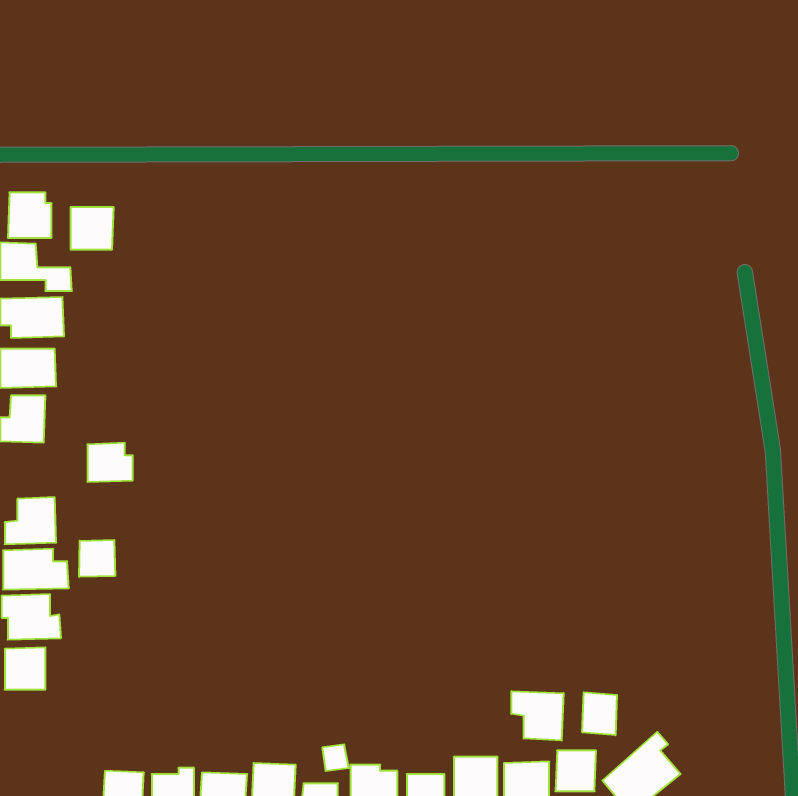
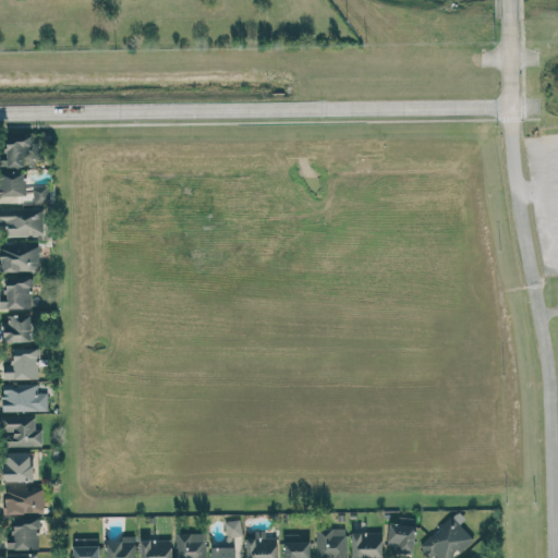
building: [71,207,114,250] -> none
building: [87,443,133,482] -> [5,316,37,343]
building: [79,540,115,577] -> none
building: [511,691,564,741] -> none
building: [582,692,617,735] -> none
building: none -> [5,489,45,514]
building: none -> [8,519,40,551]

